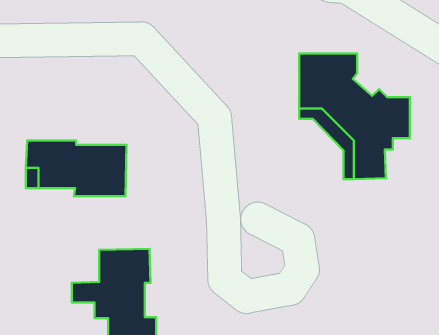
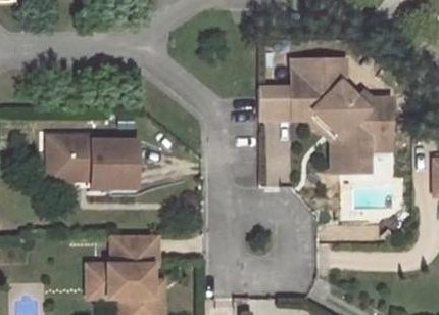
building: none -> [259,87,292,119]

